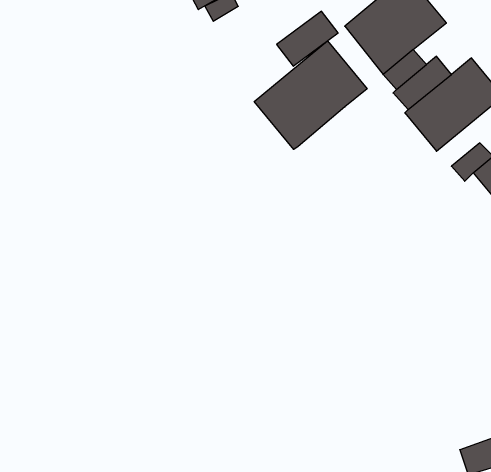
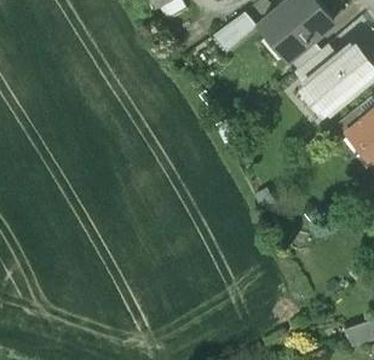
building: [254,41,367,149] -> none

